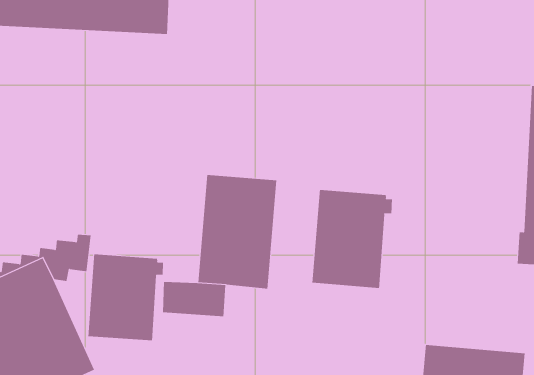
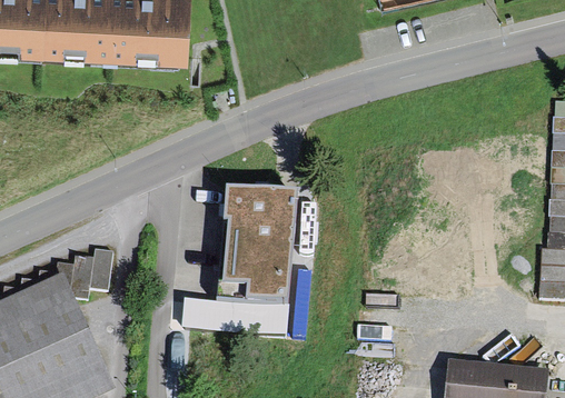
building: [312,189,392,289] -> none
building: [88,254,164,341] -> none

